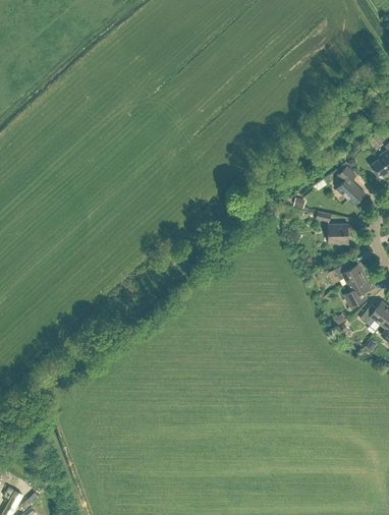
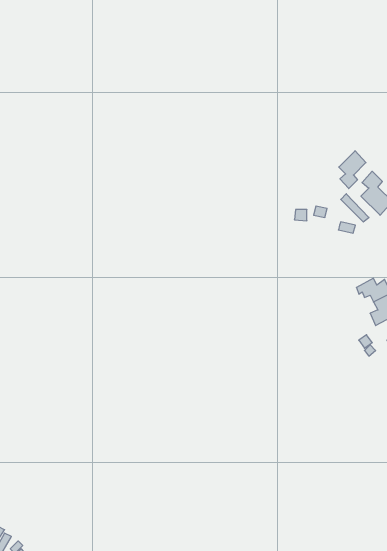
building: none -> [339,151,366,189]
building: [328,224,348,244] -> none

